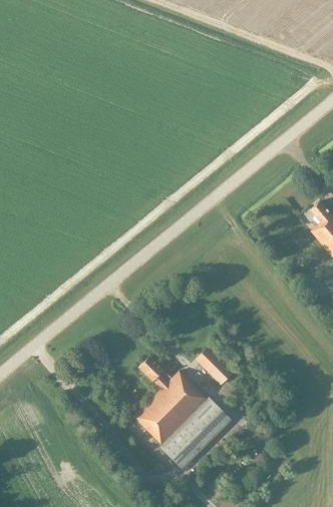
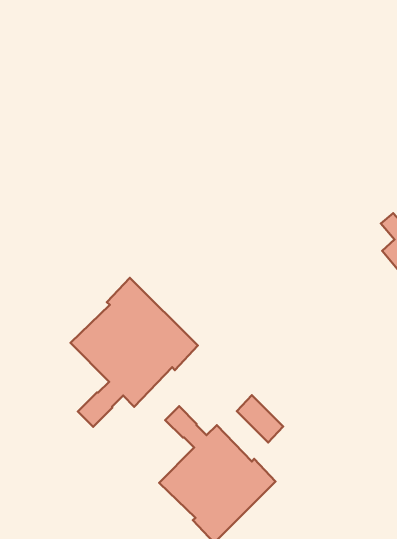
building: none -> [70,278,198,427]

